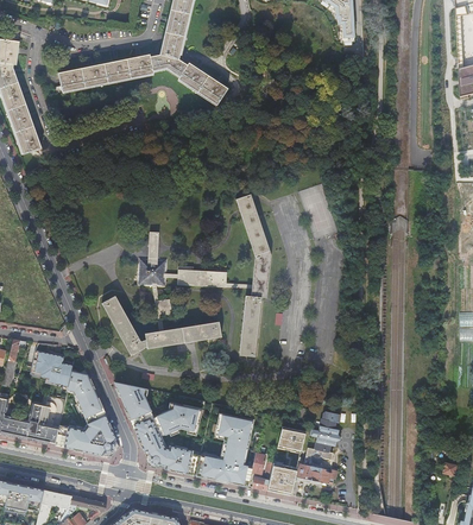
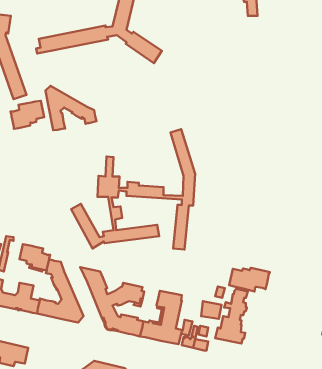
building: none -> [46,86,97,130]
building: none -> [11,101,44,129]
building: none -> [229,268,270,291]

